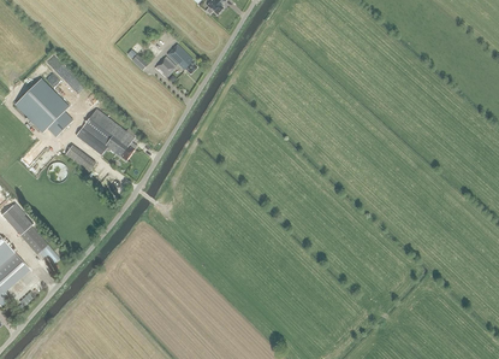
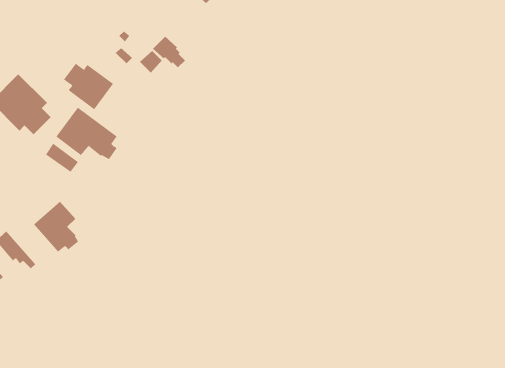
building: none -> [63,63,114,110]
building: none -> [33,201,79,252]

